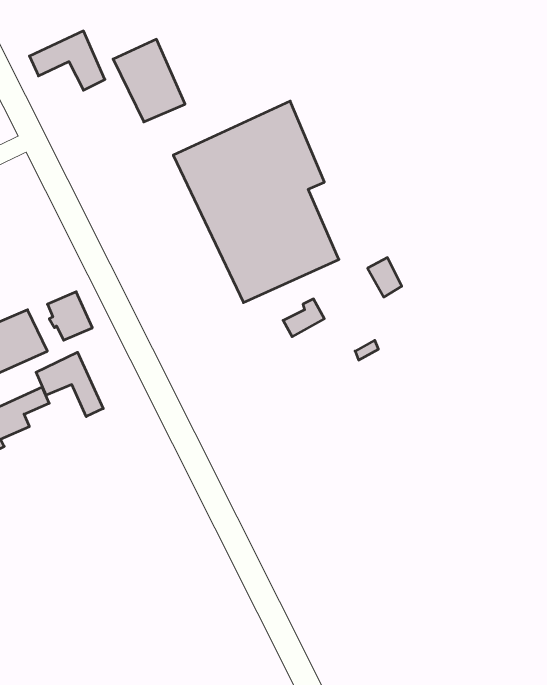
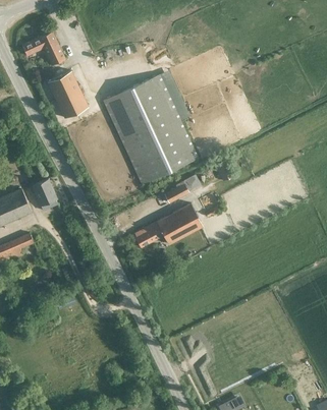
building: [113,39,185,122] -> [47,71,88,118]
building: none -> [134,206,203,249]
building: [36,352,103,417] -> none

